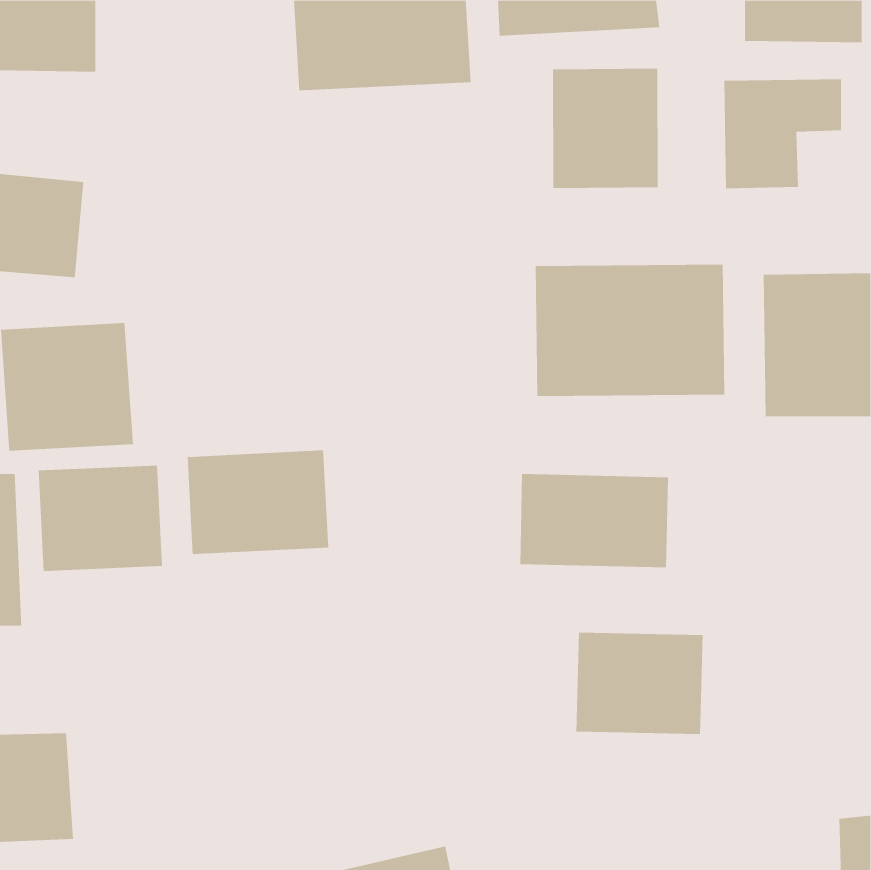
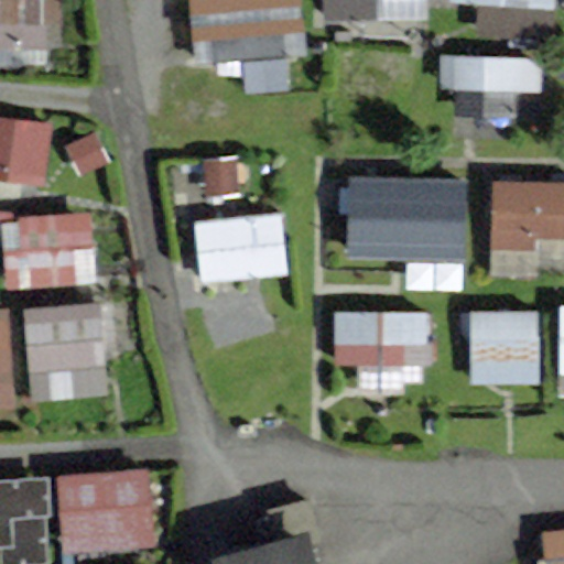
building: [553,68,658,189] -> none
building: [187,450,329,555] -> [194,214,285,281]
building: none -> [468,311,541,387]
building: [576,632,703,735] -> none
building: none -> [55,467,155,553]

